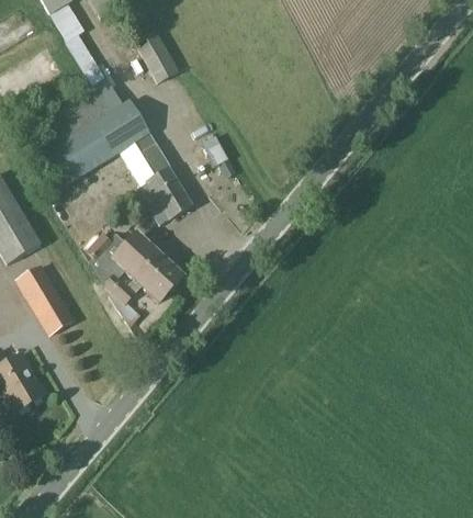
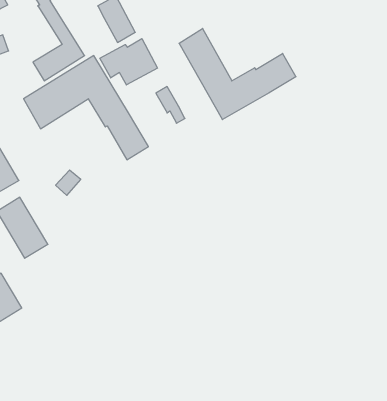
building: none -> [179,28,296,120]
building: none -> [100,39,157,85]
building: [102,233,181,304] -> none

